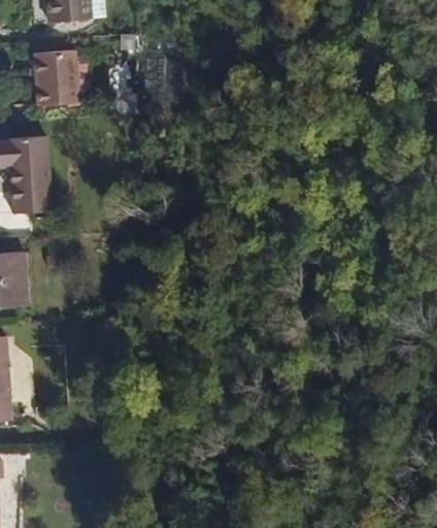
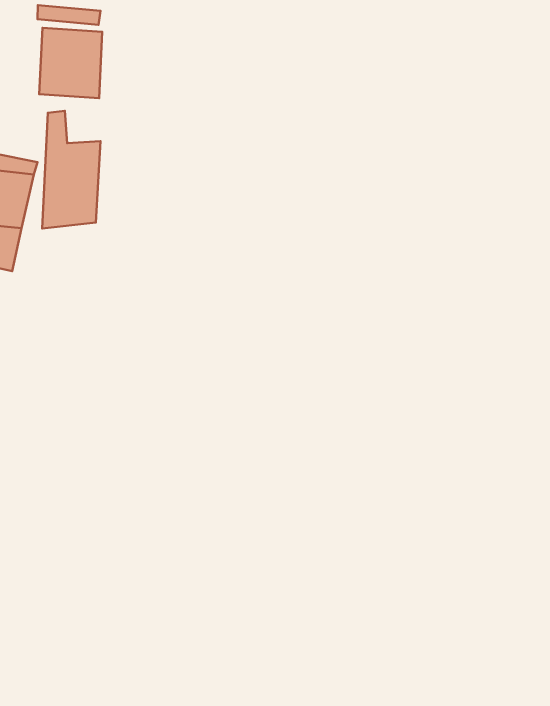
building: none -> [42,111,101,229]

